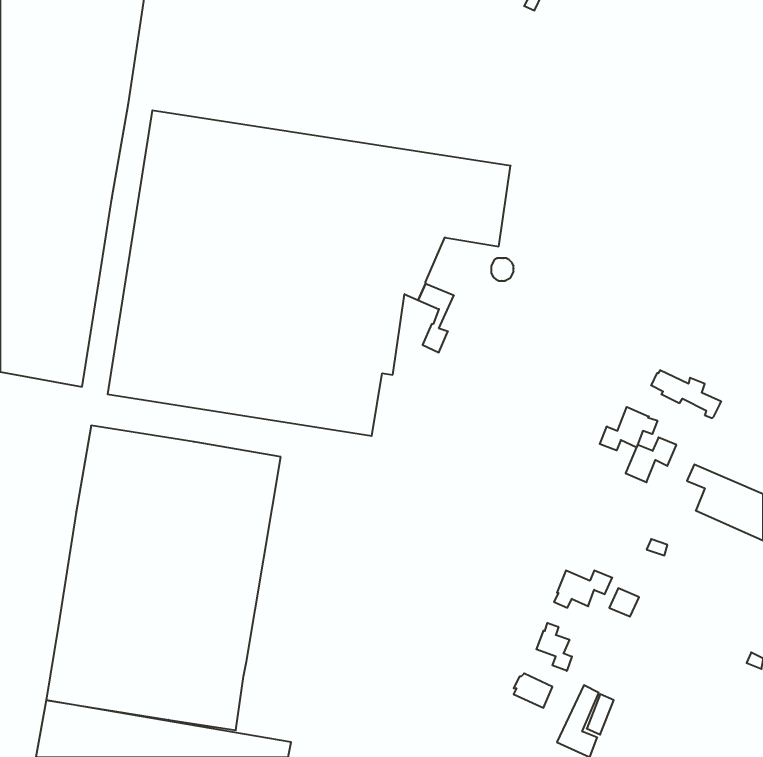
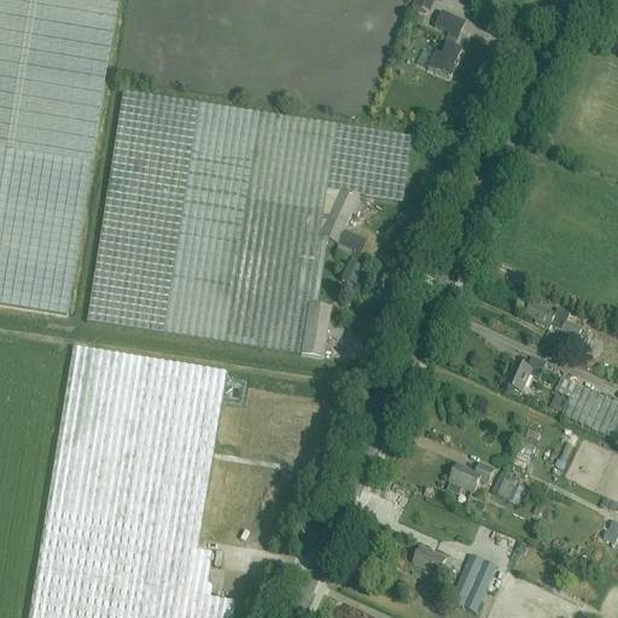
building: none -> [428,8,466,76]
building: none -> [301,302,331,356]
building: [600,407,657,450] -> none
building: [536,623,572,671] -> none
building: none -> [191,547,212,594]

